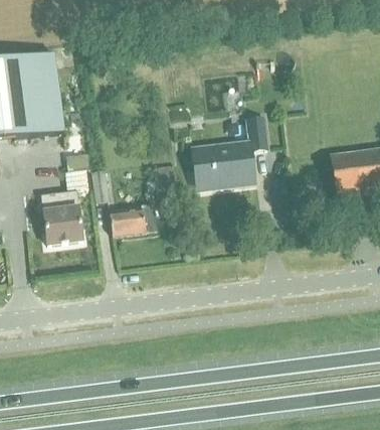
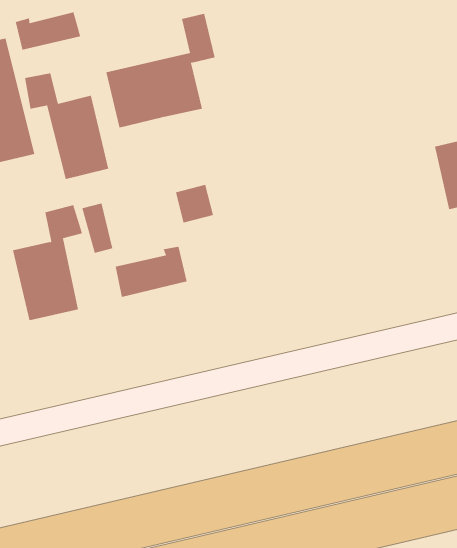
building: none -> [15,12,81,51]
building: none -> [25,72,109,180]
building: [192,118,266,188] -> [105,13,215,128]

